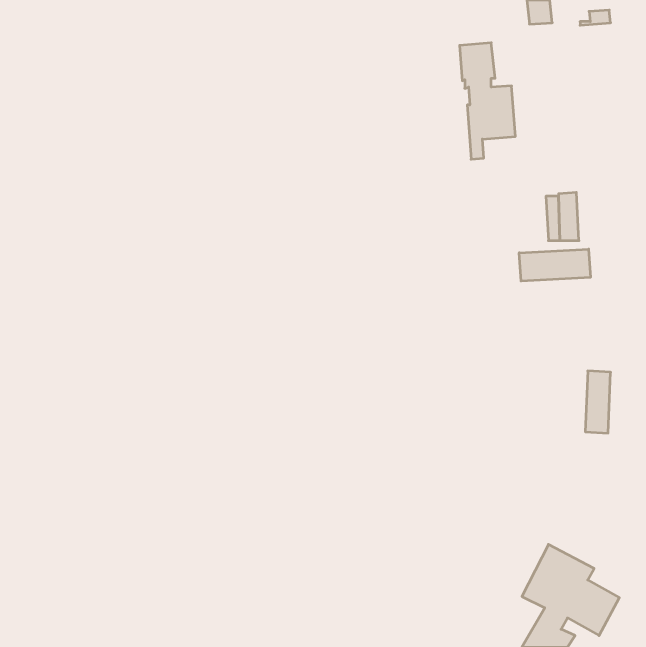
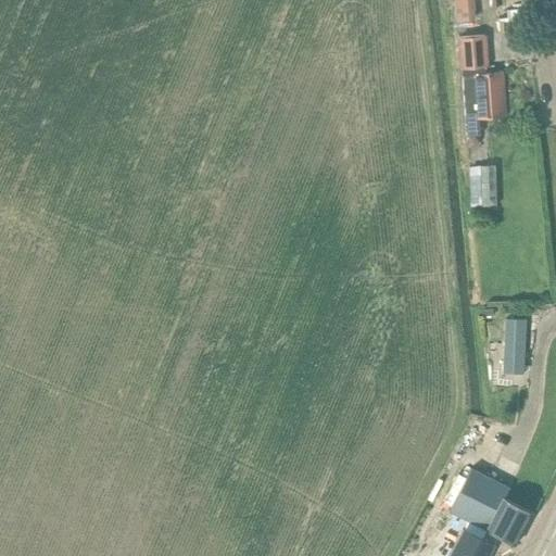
building: [460,43,515,159] -> [458,36,506,136]
building: [519,249,590,281] -> none

